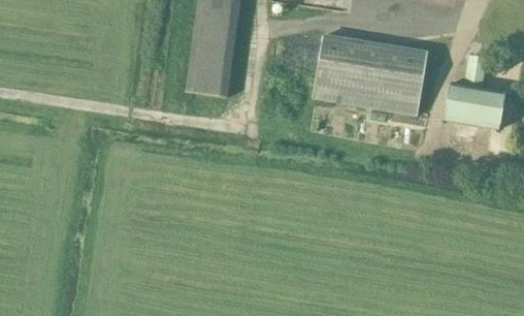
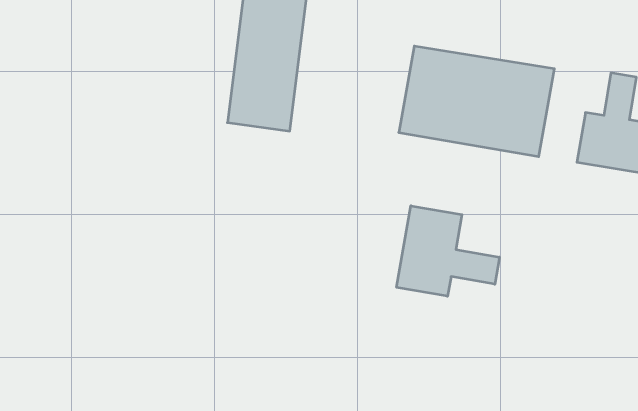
building: none -> [397,206,499,296]

